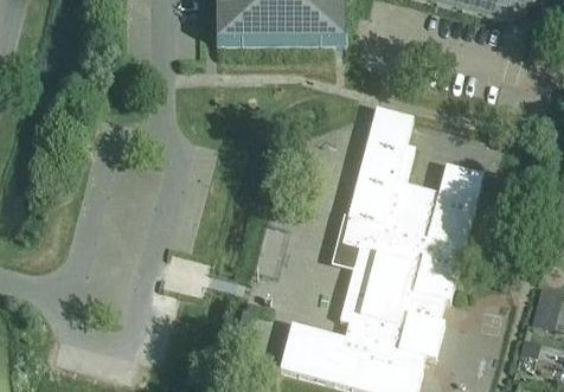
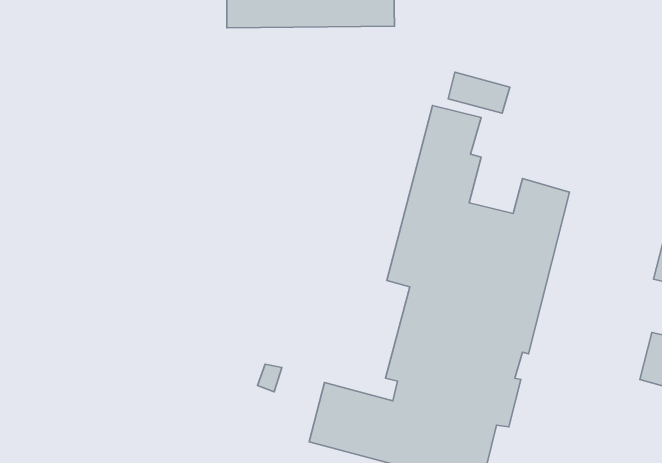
building: none -> [448,72,510,113]

